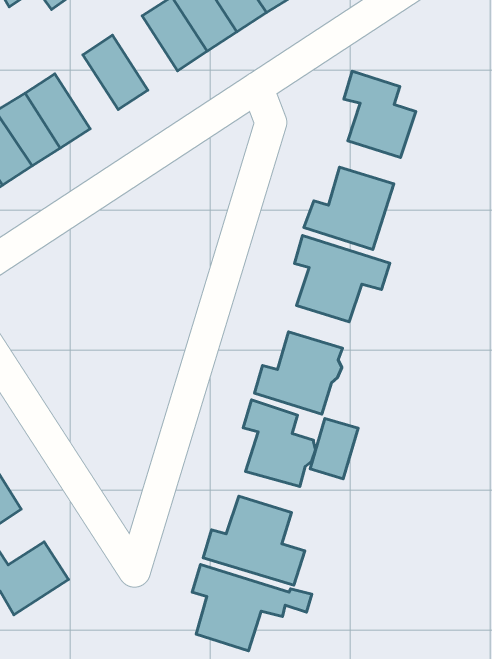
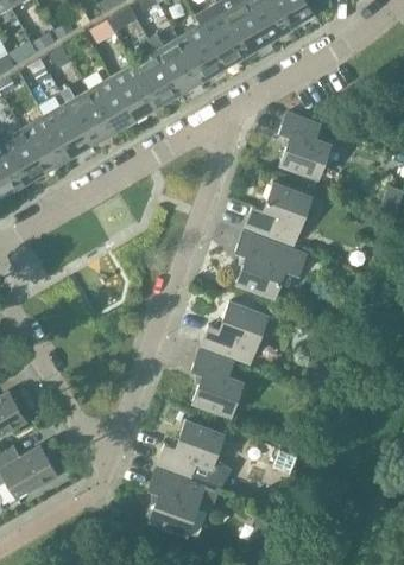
building: none -> [111,64,157,119]
building: none -> [67,90,112,145]
building: [310,418,358,479] -> none

